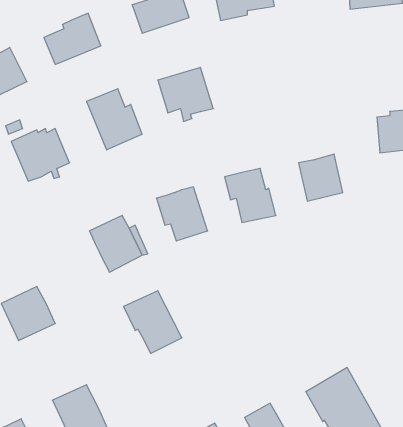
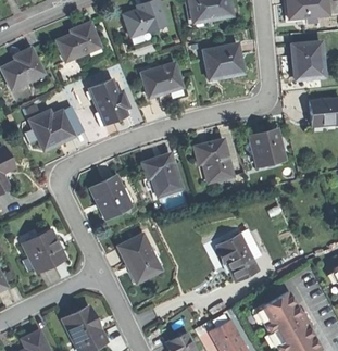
building: none -> [291,41,326,80]
building: none -> [204,42,243,79]
building: none -> [216,233,258,280]

